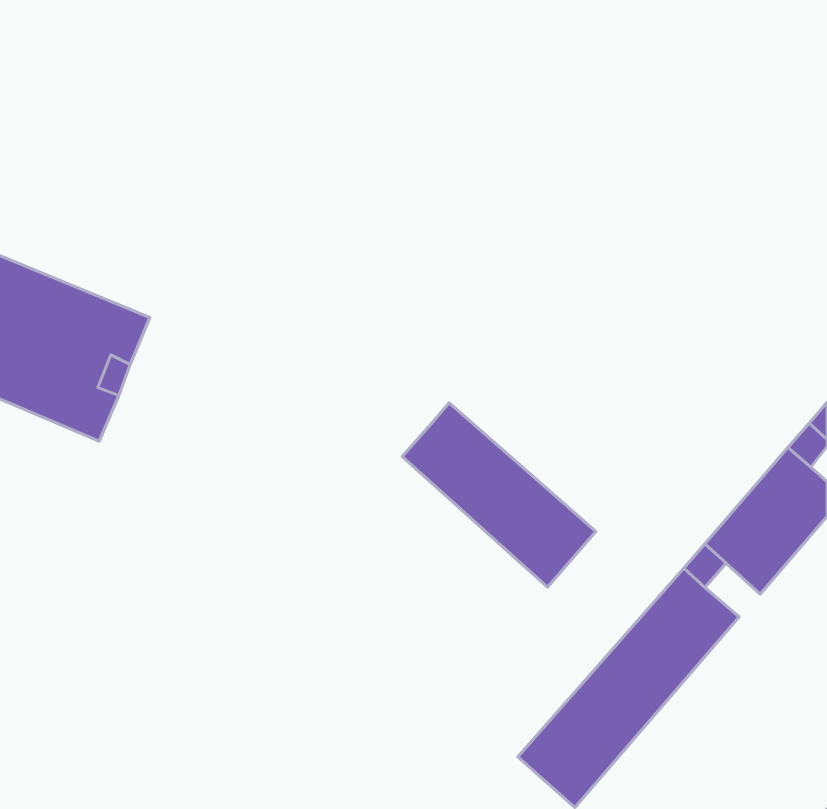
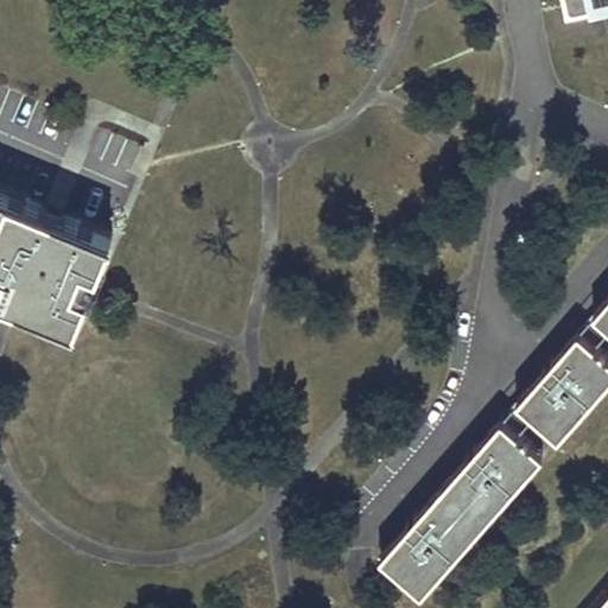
building: [402,403,596,587] -> none

